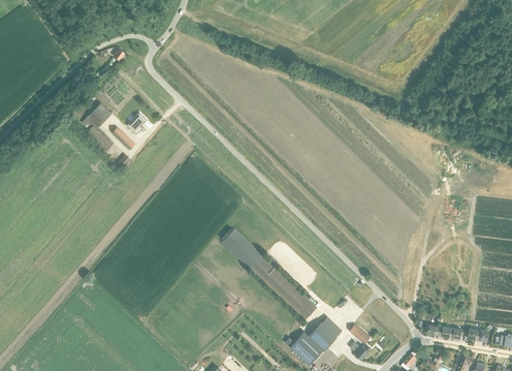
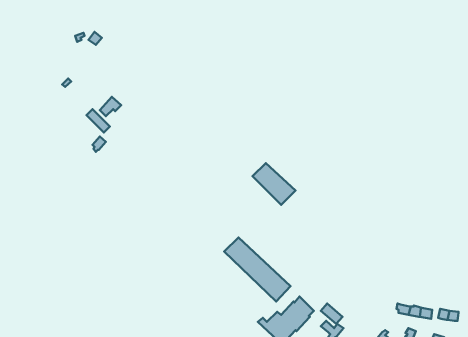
building: [82,102,115,151] -> none
building: [222,228,265,271] -> [253,163,295,205]

